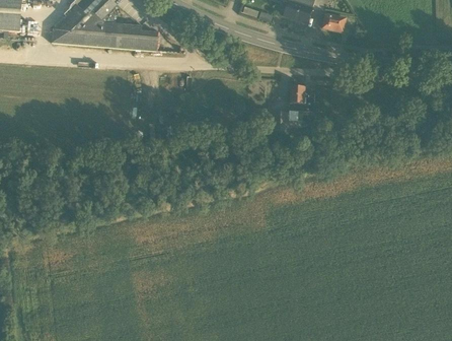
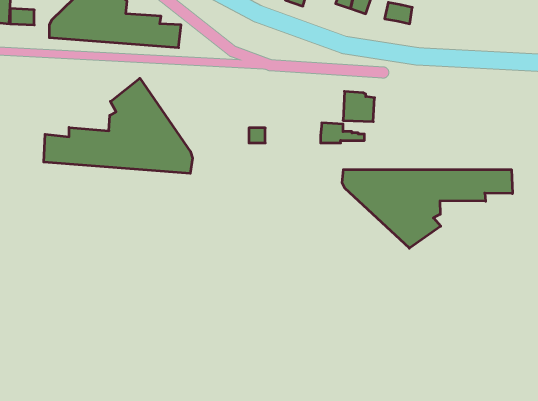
building: none -> [44,78,193,173]
building: none -> [342,170,512,248]

